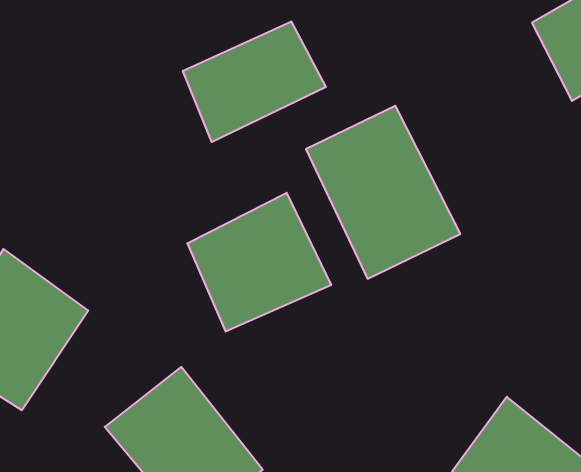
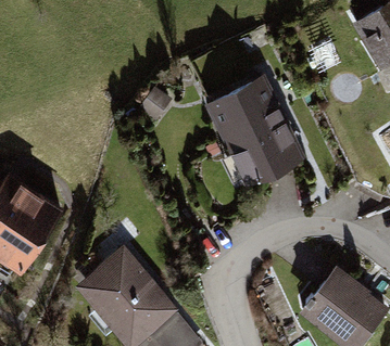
building: [183,21,326,142] -> none
building: [187,193,331,332] -> none

